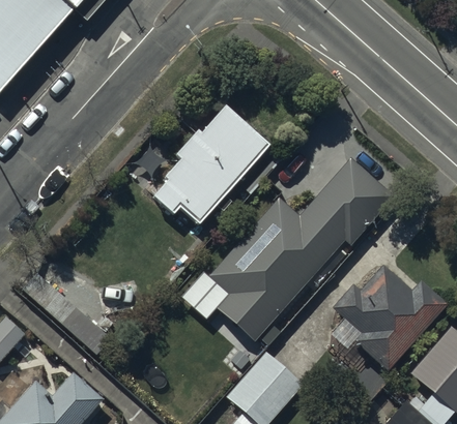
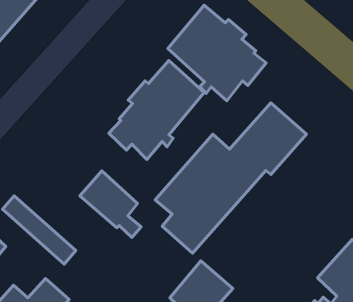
building: none -> [168,5,266,101]
building: none -> [80,171,141,237]
building: [331,265,447,371] -> none

